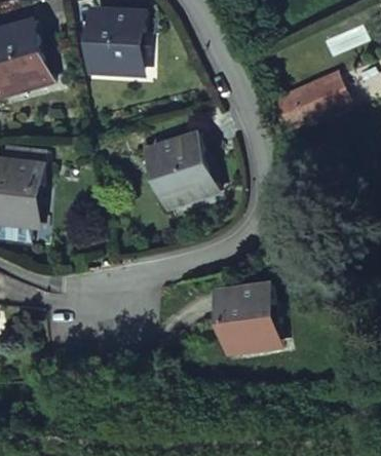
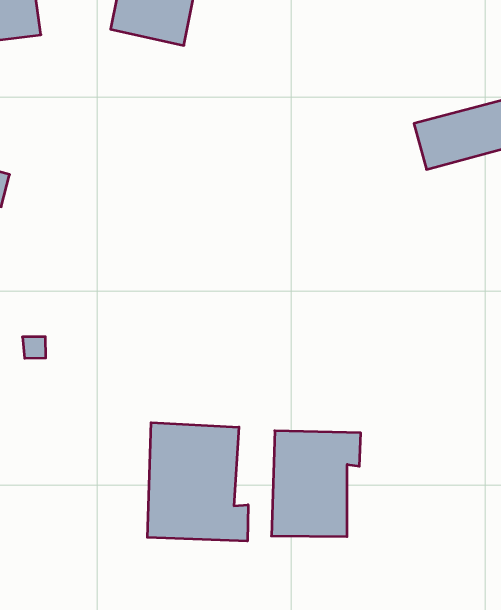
building: [146,134,213,205] -> none
building: none -> [147,423,248,541]

